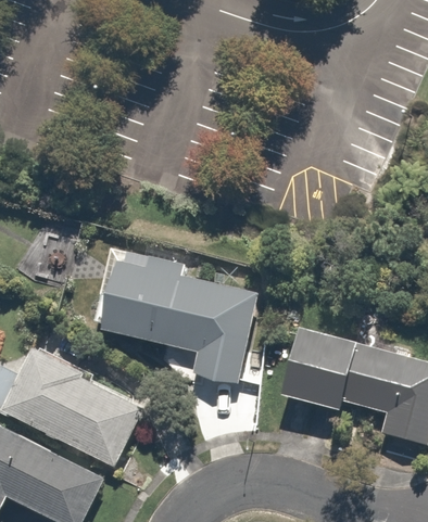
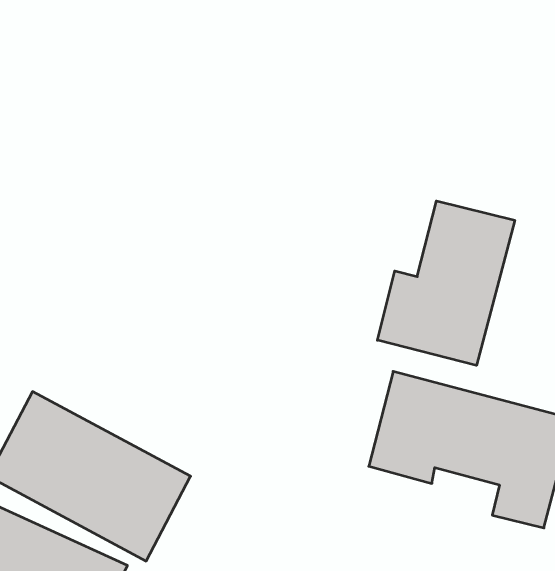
building: none -> [377,201,515,365]
building: [99,268,252,387] -> none

